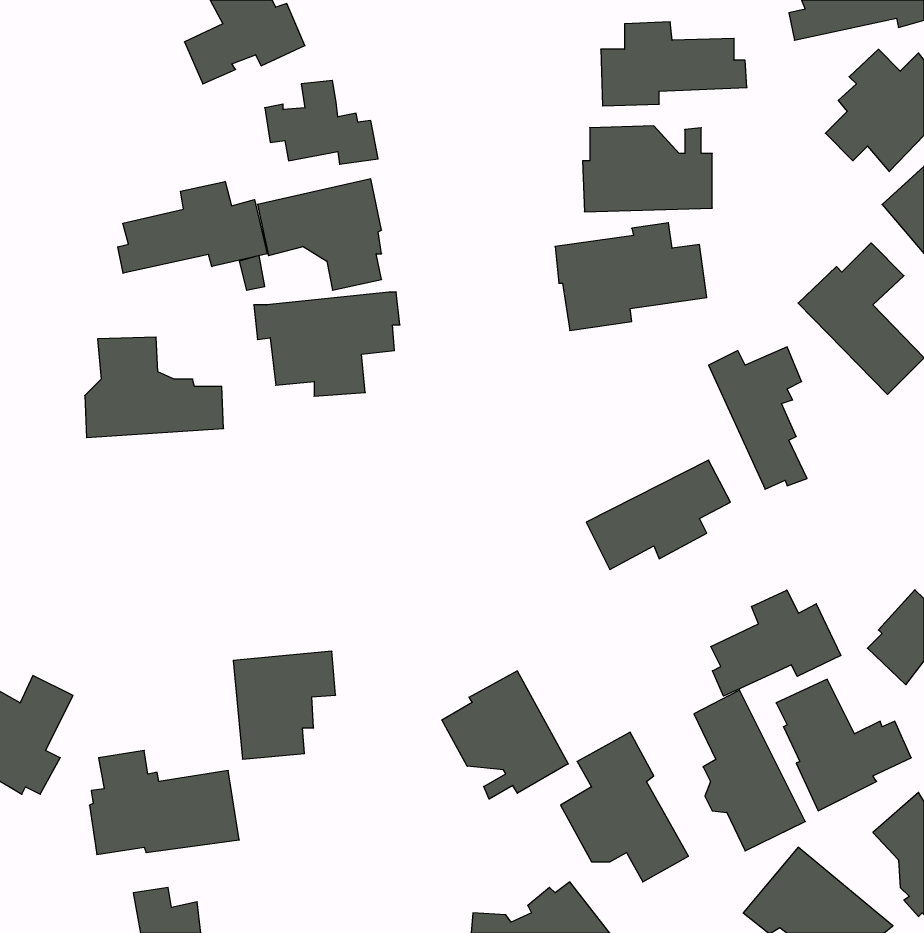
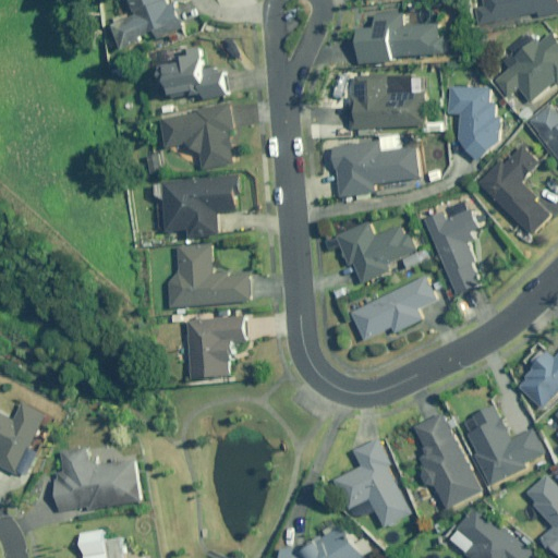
building: none -> [446,85,499,160]
building: [118,181,267,273] -> none
building: [85,337,224,438] -> [167,245,250,305]
building: none -> [335,221,428,283]
building: [711,590,841,696] -> none
building: [233,651,336,759] -> [184,315,245,379]
building: [442,671,568,799] -> none

